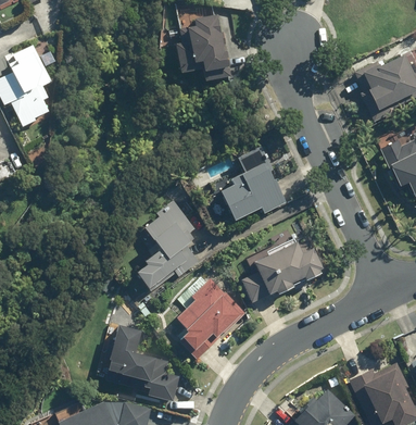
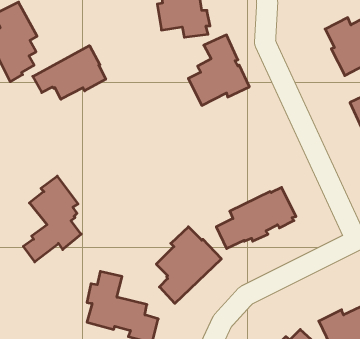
building: none -> [33,46,106,99]
building: [220,147,285,221] -> [188,35,249,105]
building: [137,199,198,289] -> [23,176,81,262]

